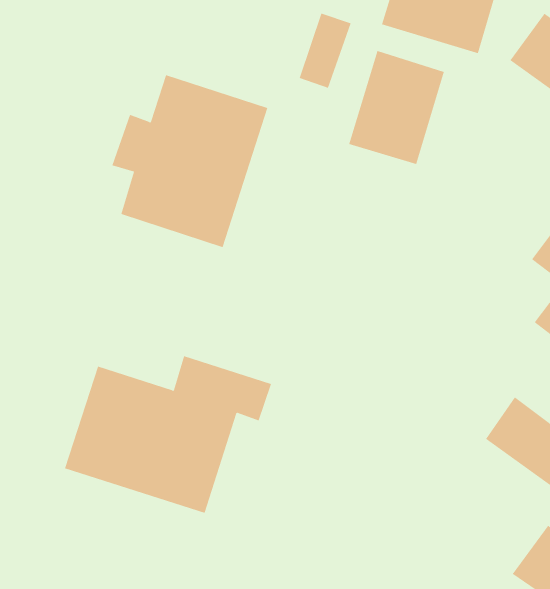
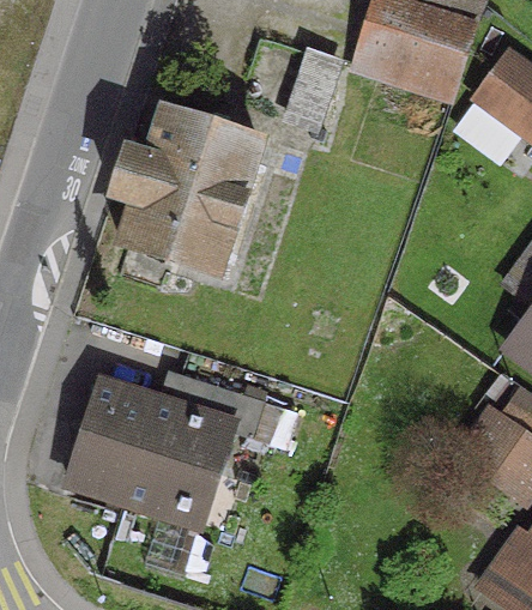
building: [348,50,444,165] -> none

